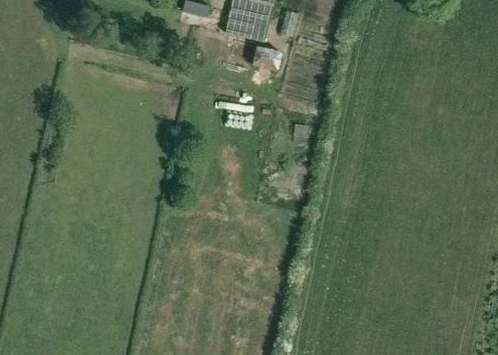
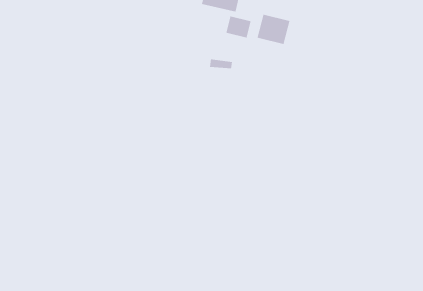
building: none -> [257,14,290,45]

